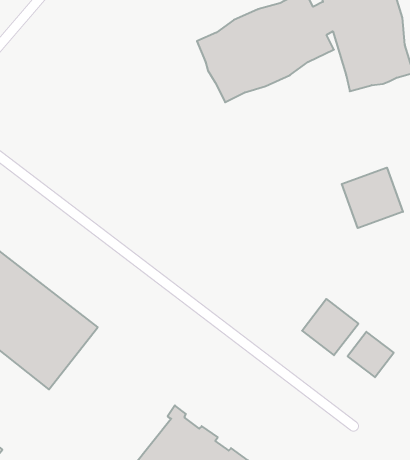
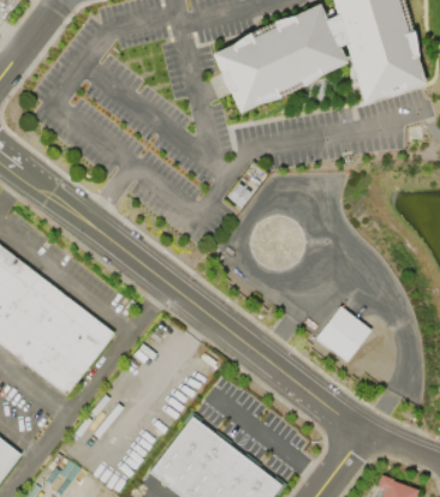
building: [342,168,403,228] -> none
building: [348,332,394,377] -> none

